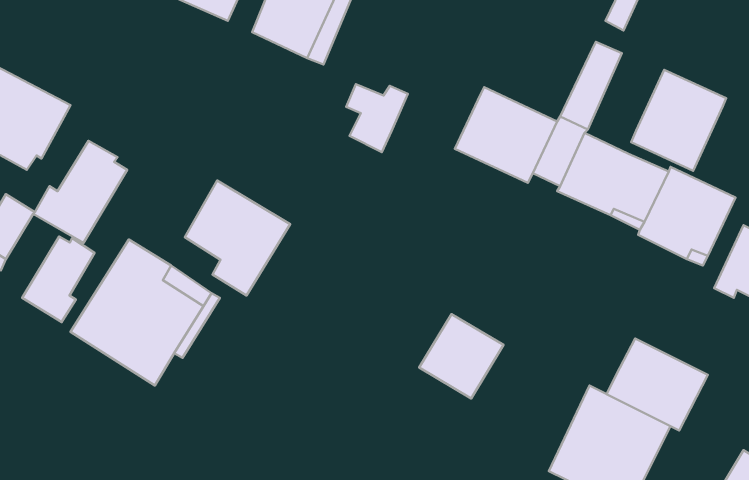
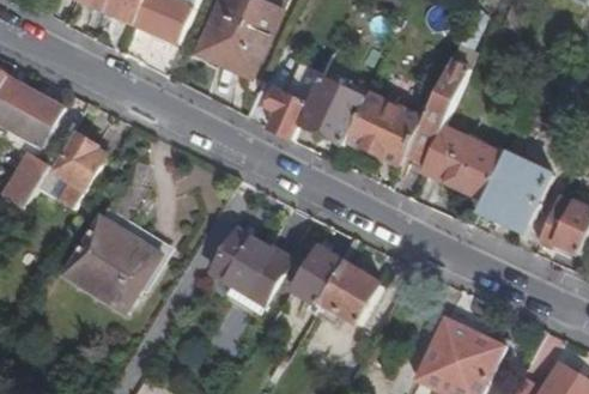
building: none -> [299,77,365,145]
building: [631,70,726,171] -> none
building: [185,181,290,296] -> [211,228,289,313]
building: [22,236,95,322] -> none
building: none -> [290,244,344,303]
building: [607,339,708,430] -> none

